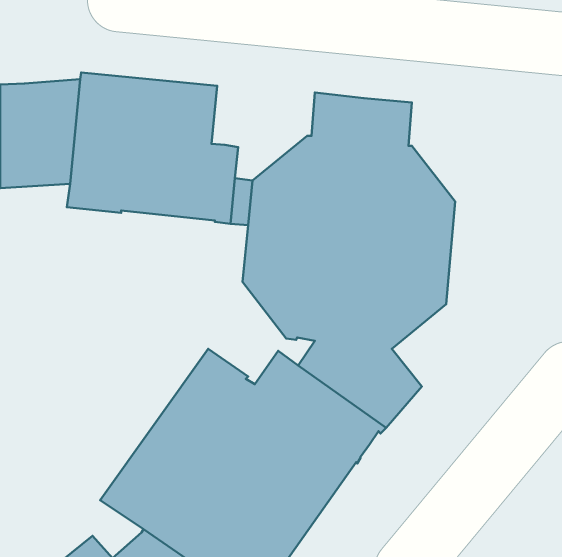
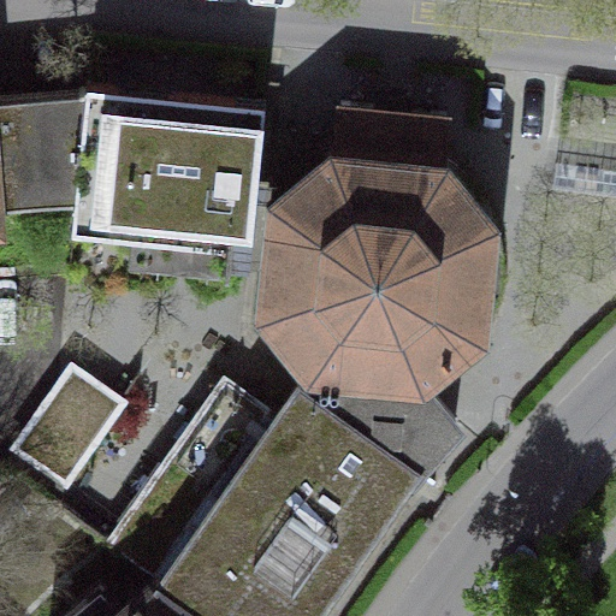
building: none -> [25,383,125,491]

